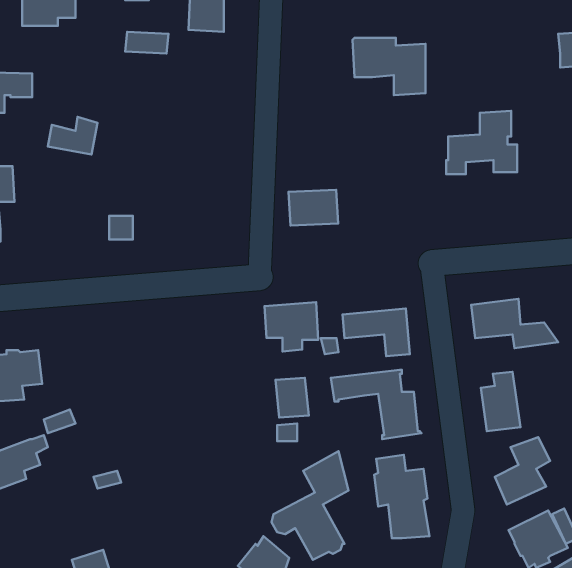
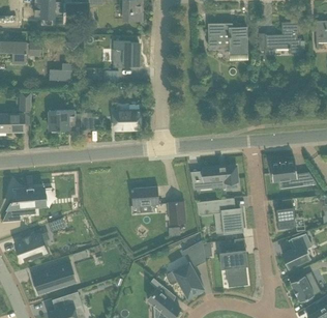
building: none -> [112,40,139,67]
building: [446,111,517,174] -> [263,22,300,55]
building: [289,190,338,225] -> [113,111,139,129]
building: none -> [48,110,73,131]
building: [265,302,318,352] -> [129,186,157,212]
building: none -> [30,262,72,295]

